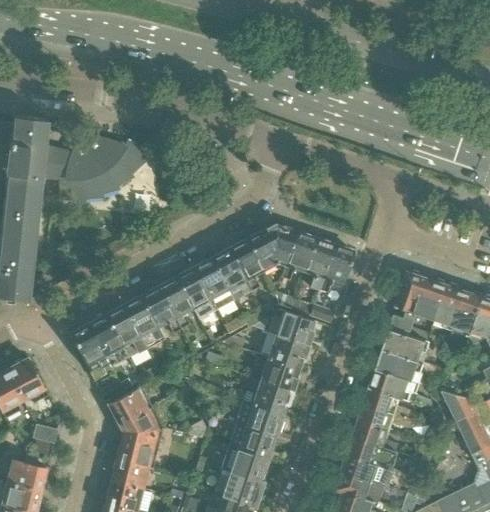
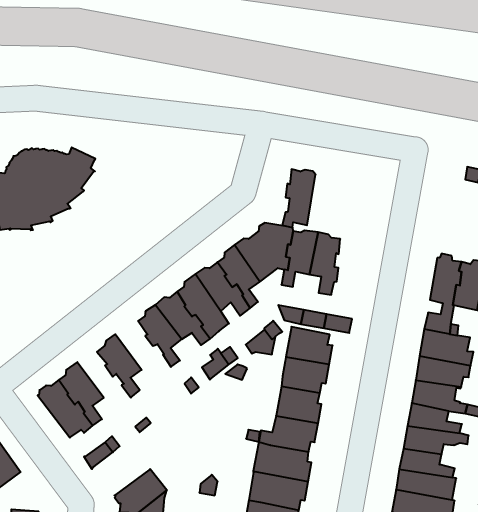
building: [319,246,352,293] -> [282,169,316,227]
building: [140,288,181,334] -> none
building: [106,308,145,357] -> none
building: [108,387,152,426] -> none

